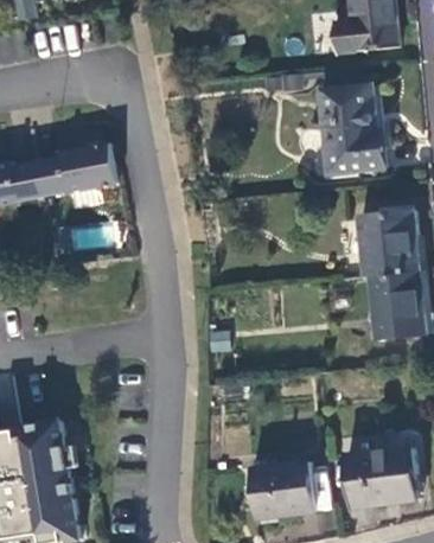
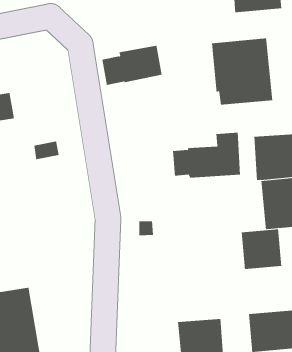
building: [37,141,117,194] -> [102,45,163,85]
building: none -> [172,132,241,178]
building: none -> [241,228,282,270]

